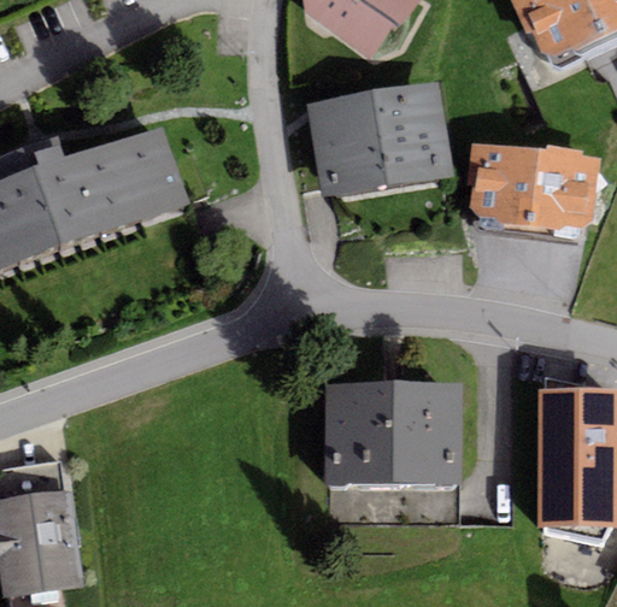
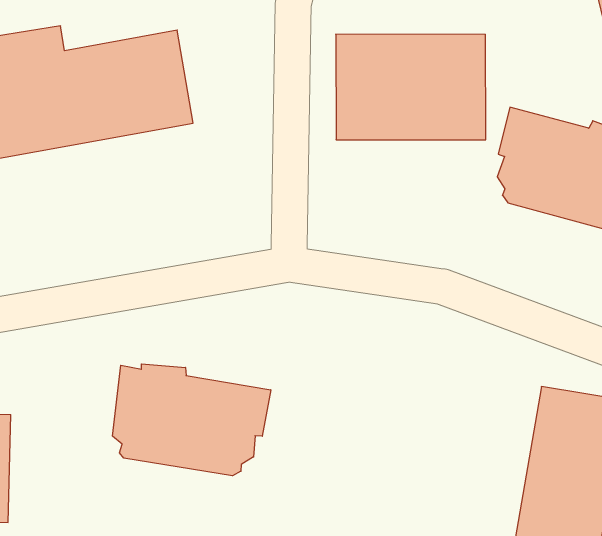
building: [325,383,464,483] -> none
building: none -> [113,364,271,476]

